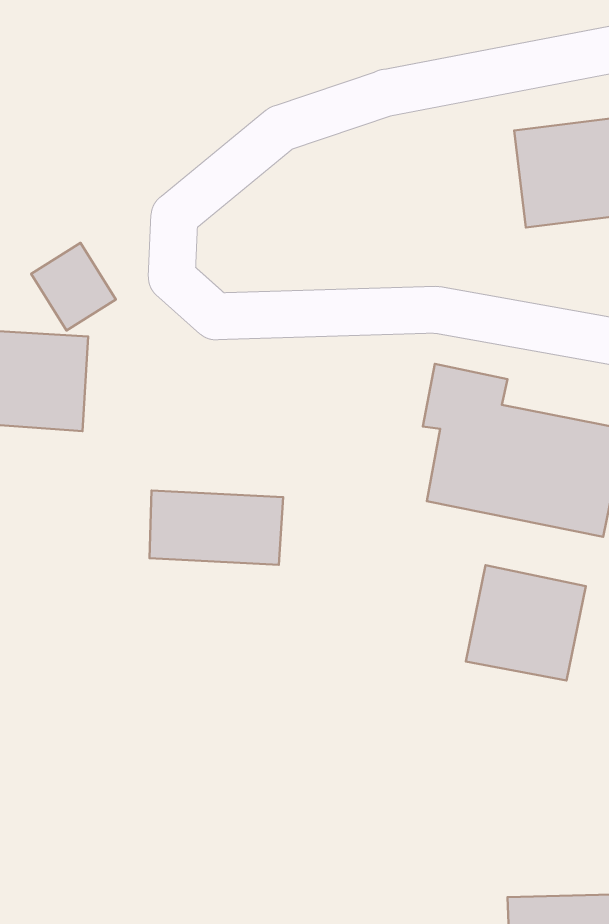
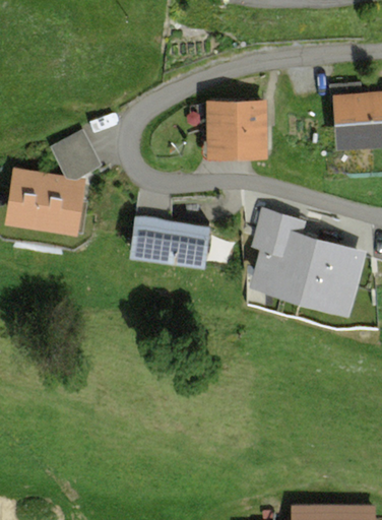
building: none -> [201,98,271,154]
building: [149,490,283,565] -> [140,222,213,267]
building: [466,565,586,681] -> none

